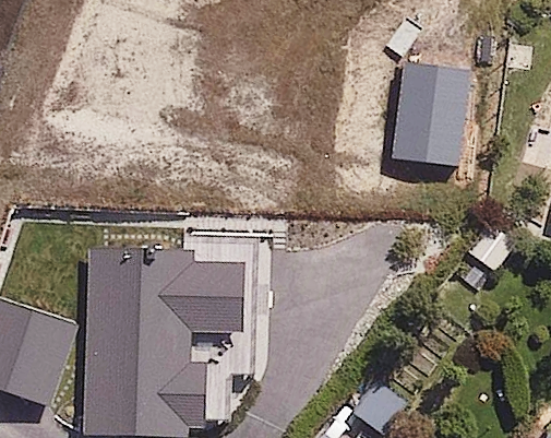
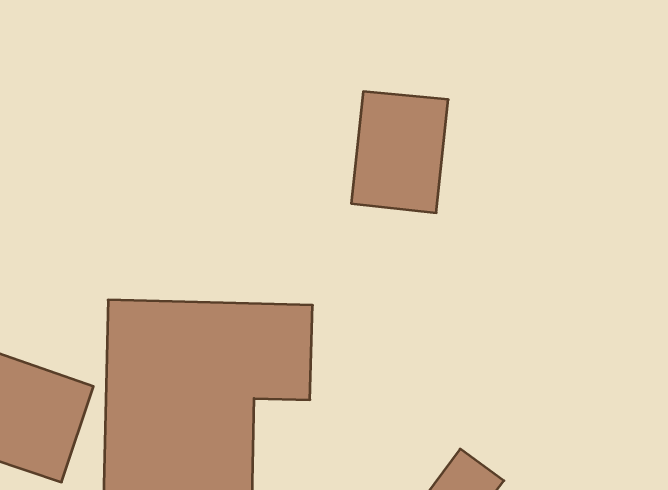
building: [385,63,465,163] -> [351,92,448,213]

